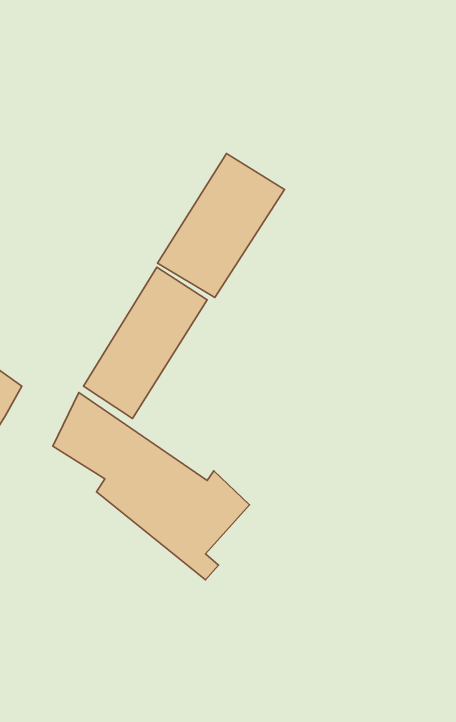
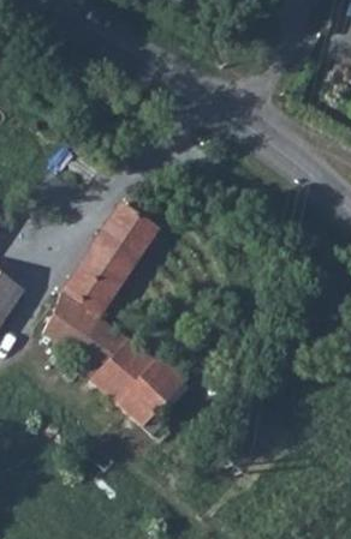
building: [157,154,285,298] -> none

